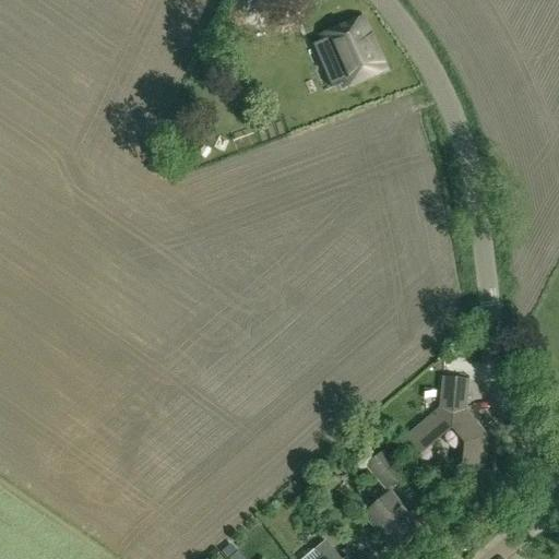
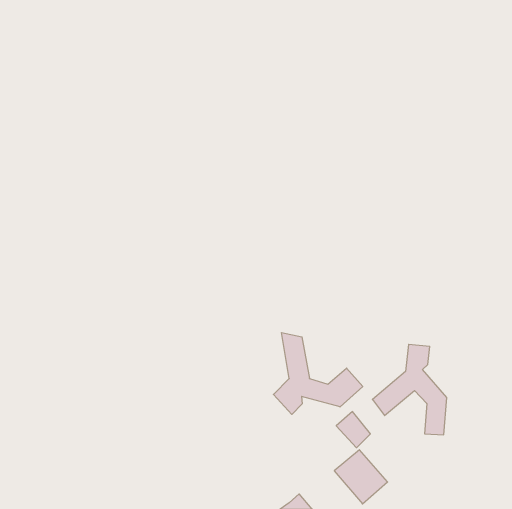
building: [311,15,385,84] -> none
building: none -> [273,333,363,414]

